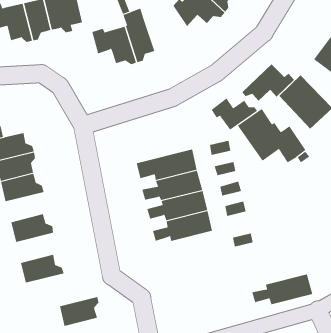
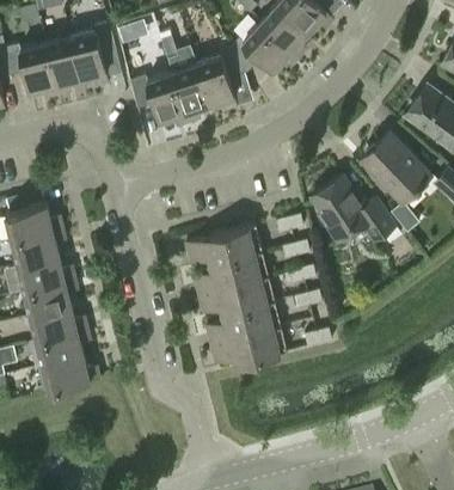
building: none -> [196,47,249,104]
building: [241,63,295,101] -> none
building: [211,97,258,130] -> none
building: none -> [23,277,74,314]
building: [252,274,313,305] -> [211,325,288,363]
building: [59,297,100,327] -> [36,327,86,365]

